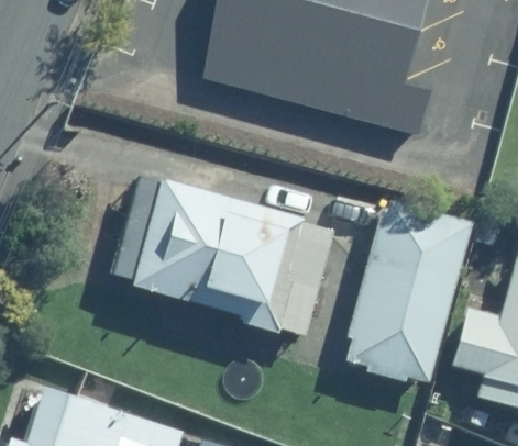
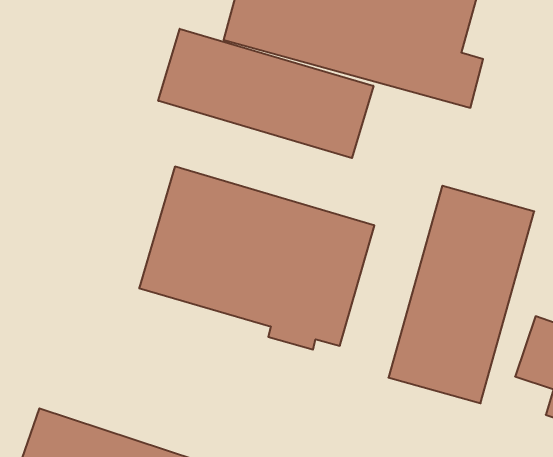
building: none -> [158,29,373,158]

